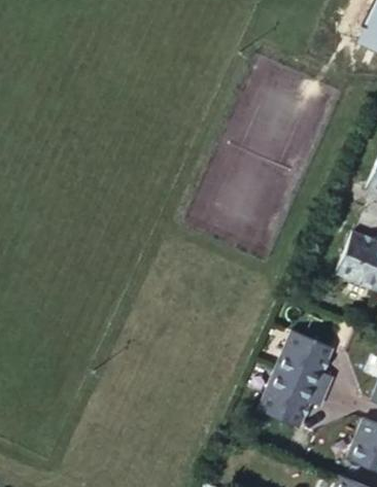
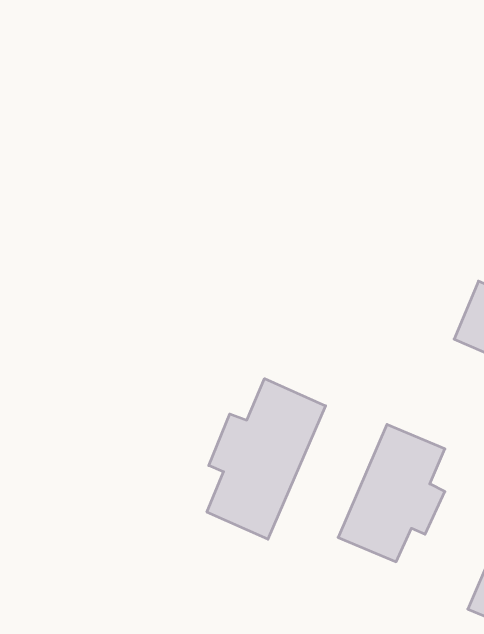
building: none -> [207,379,326,539]

